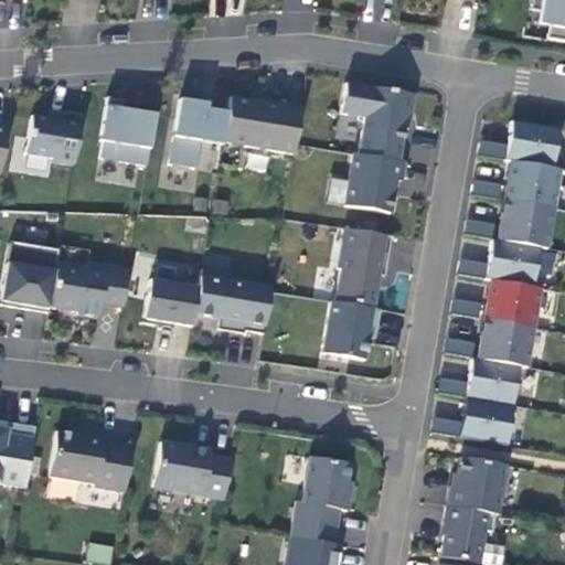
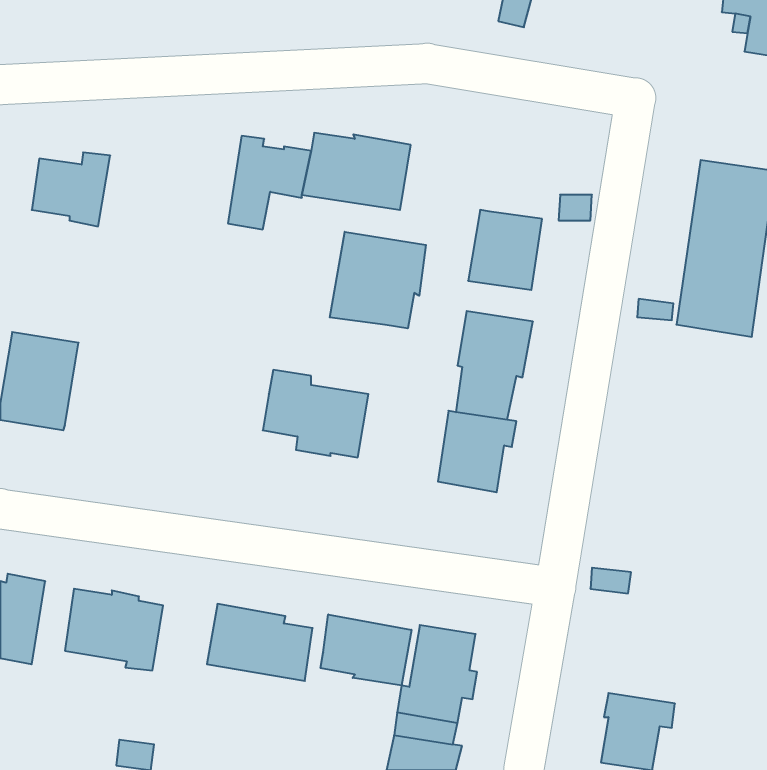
building: [342,82,415,161] -> none
building: [102,97,157,166] -> none
building: none -> [330,232,426,328]
building: [469,257,542,443] -> none
building: [51,264,130,319] -> none
building: [145,265,200,328] -> none
building: none -> [321,614,411,685]
building: [448,457,508,515] -> none

